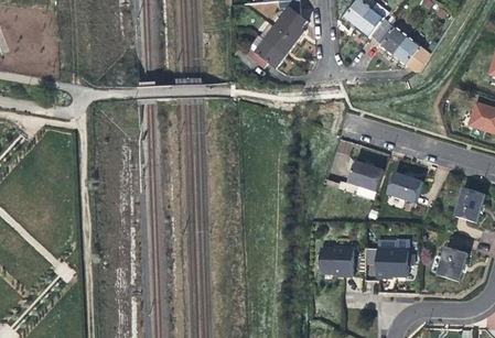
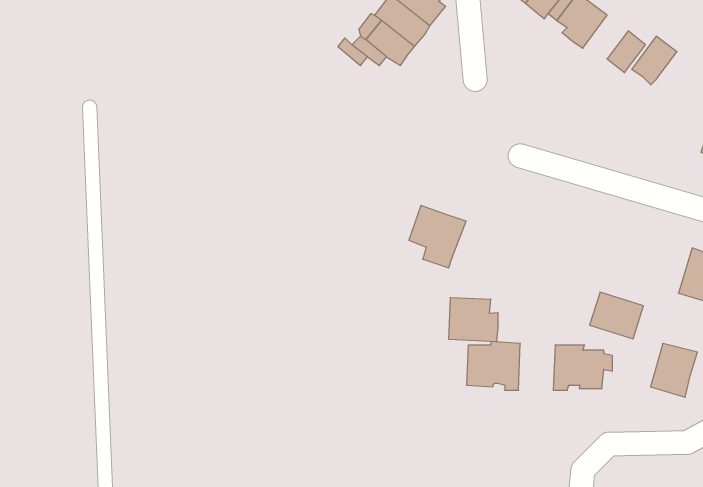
building: [392,36,421,67] -> [632,36,677,85]
building: [346,157,383,197] -> [409,205,466,268]
building: [387,171,421,200] -> [590,292,643,339]
building: none -> [449,297,498,342]

